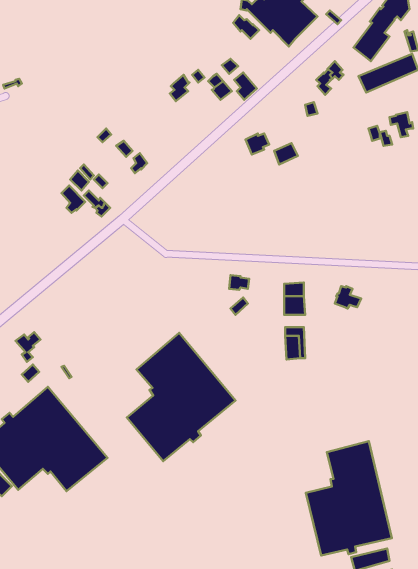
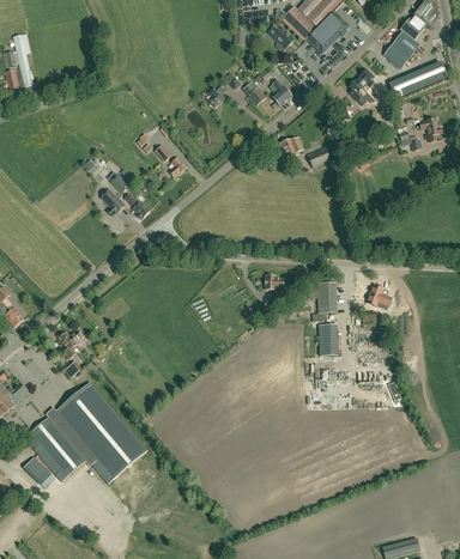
building: [127,333,236,461] -> none
building: [306,441,392,556] -> none

